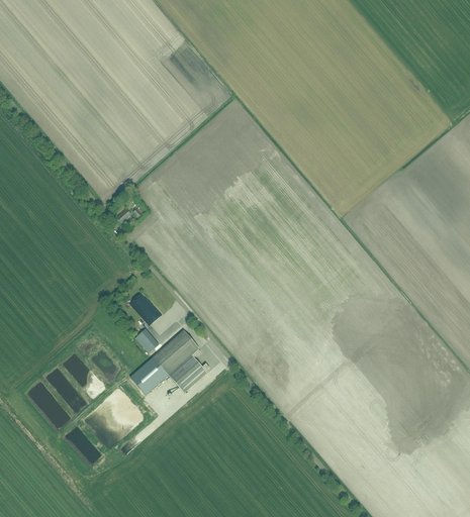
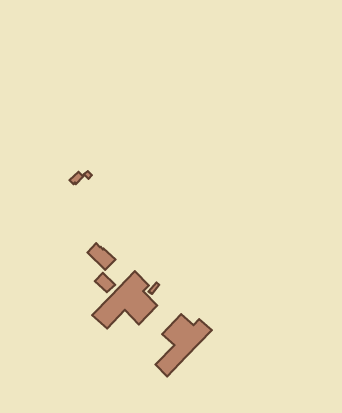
building: none -> [156,314,212,377]

